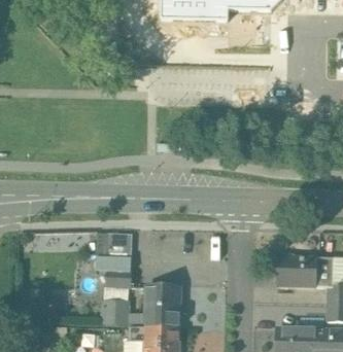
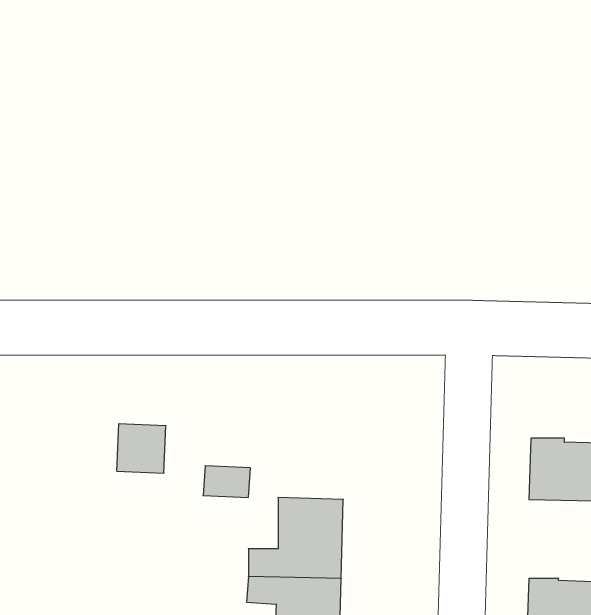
building: [106,232,132,257] -> [117,424,166,473]
building: [102,300,128,323] -> none

